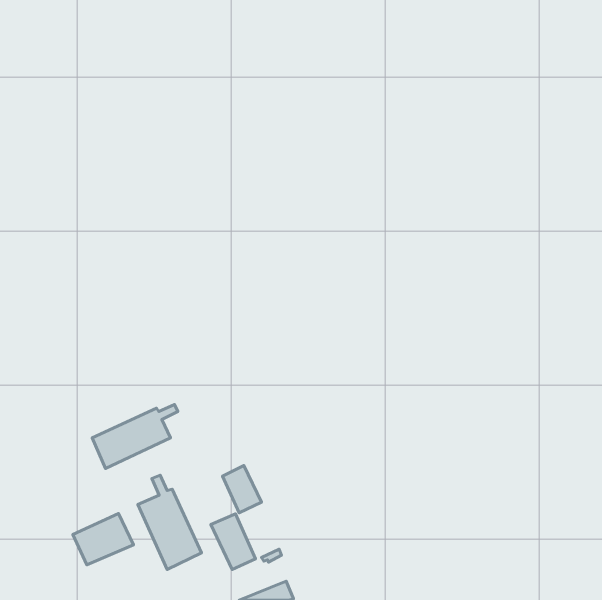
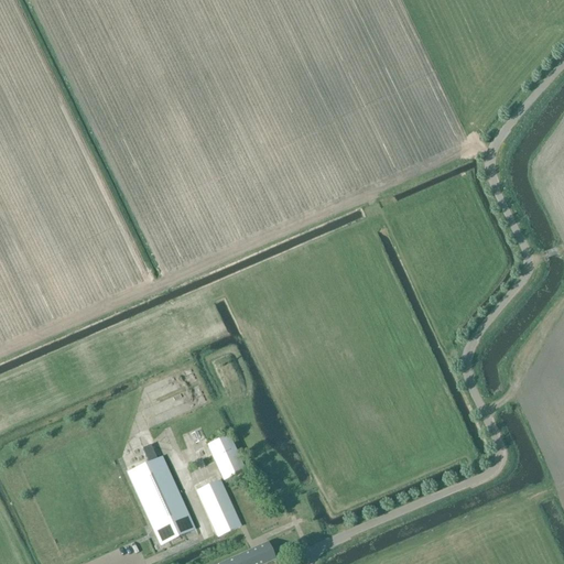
building: [92,404,178,469] -> none
building: [73,513,133,565] -> none

